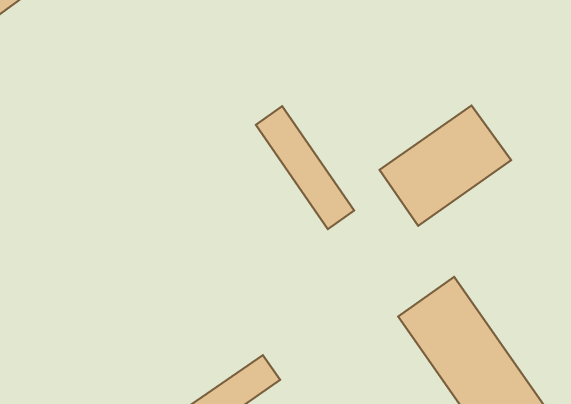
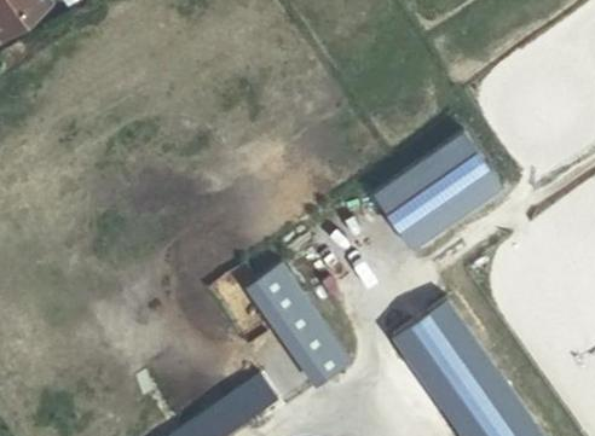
building: [256,106,354,229] -> [256,261,352,380]

